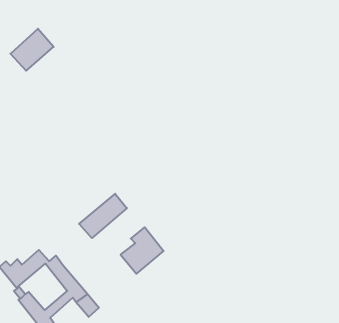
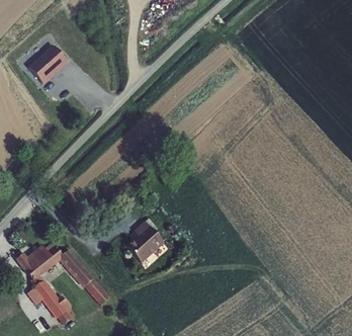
building: [79,194,127,238] -> none

